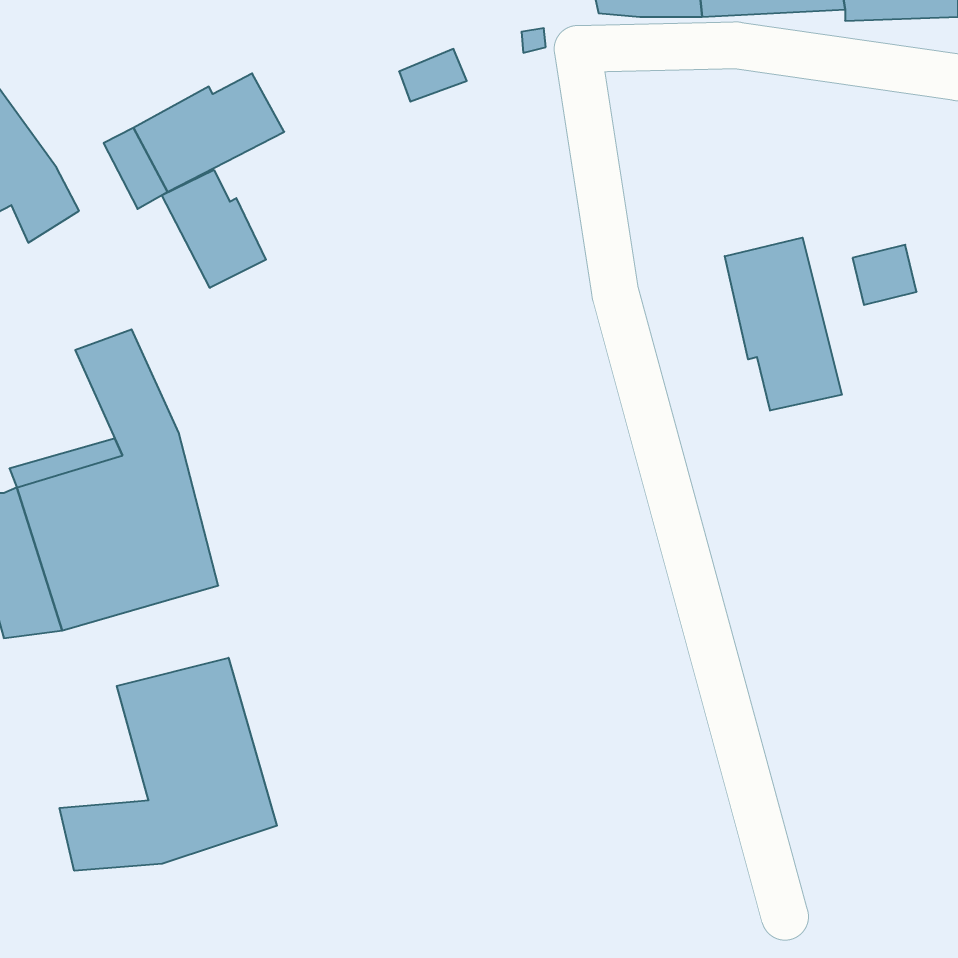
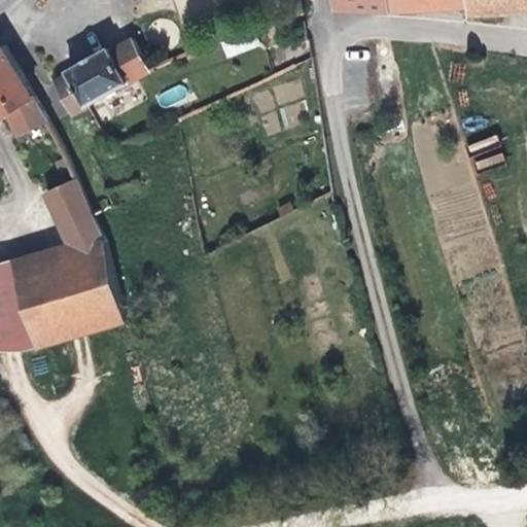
building: [162,170,266,288] -> none
building: [725,238,842,411] -> none
building: [60,658,277,871] -> none

